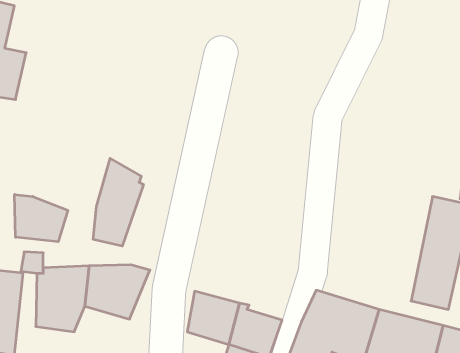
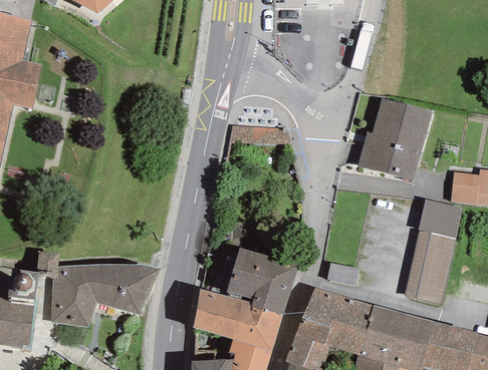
building: none -> [356,98,431,180]
building: [93,158,143,246] -> none
building: [15,194,68,242] -> none
building: none -> [226,247,297,316]

